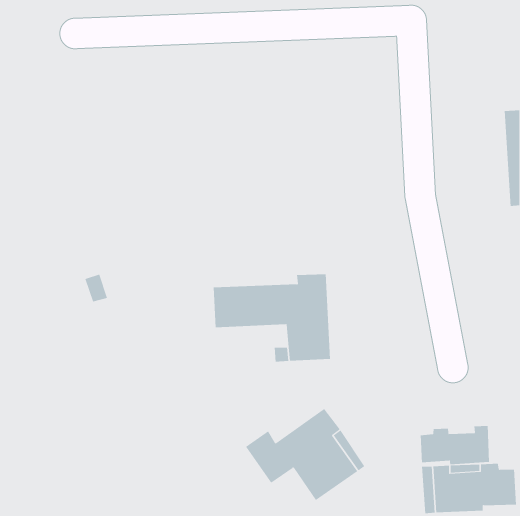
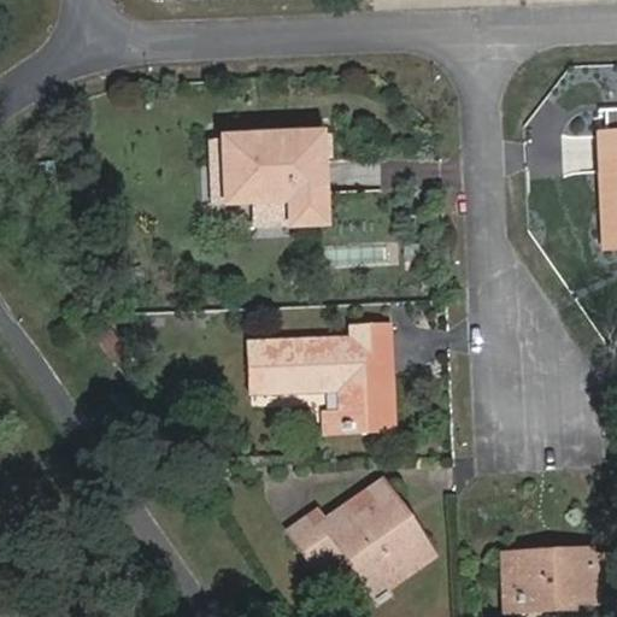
building: none -> [221,130,324,224]
building: [420,425,490,465] -> none

